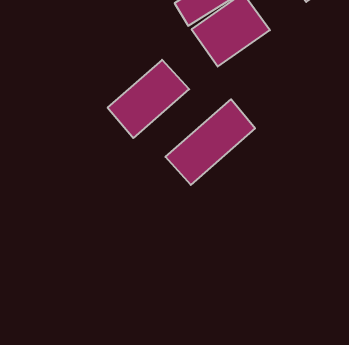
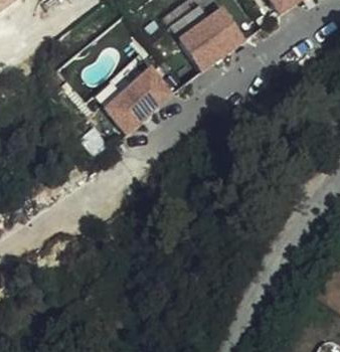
building: [165,99,255,185] -> none

